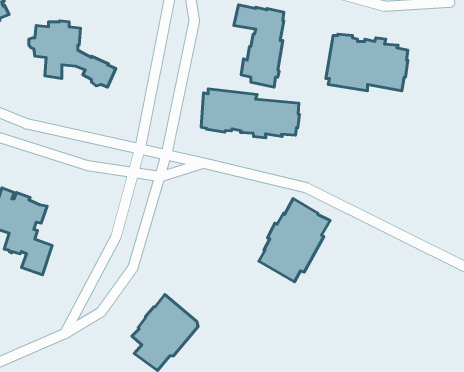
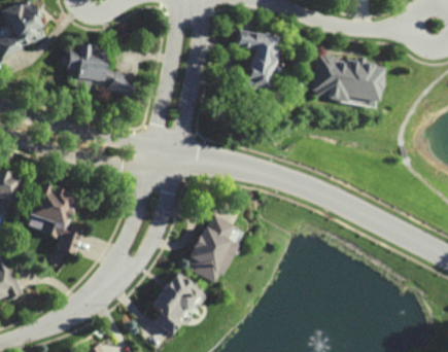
building: [201,89,300,138] -> none
building: [259,198,330,282] -> [184,213,244,283]

